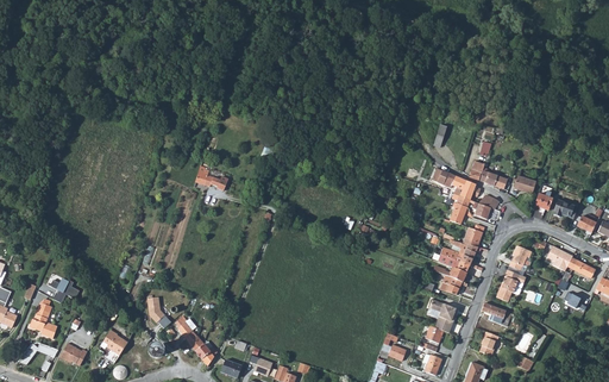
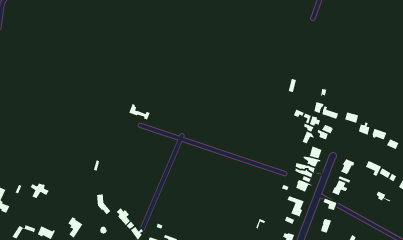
building: [26,300,55,340] -> none

